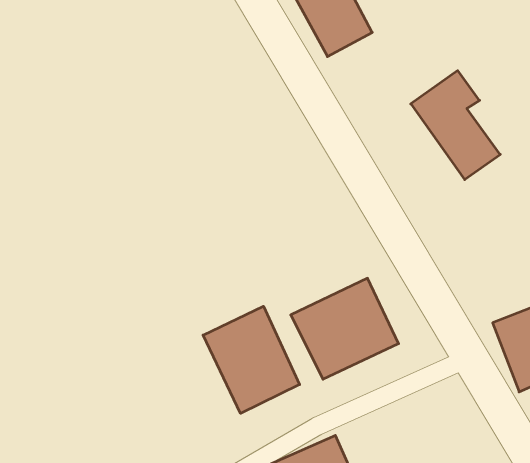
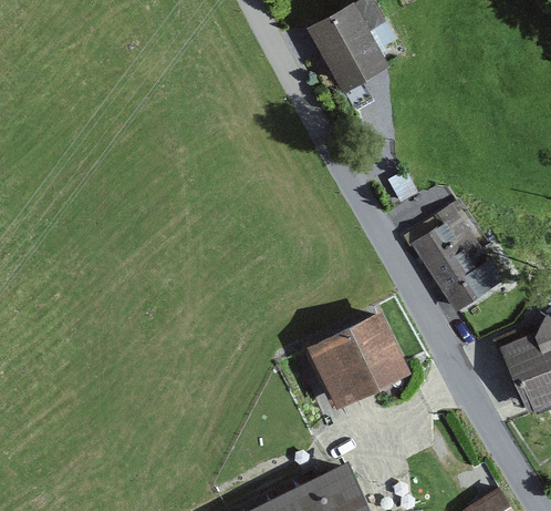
building: [411,71,500,180] -> [409,208,496,314]
building: [203,306,300,413] -> none

